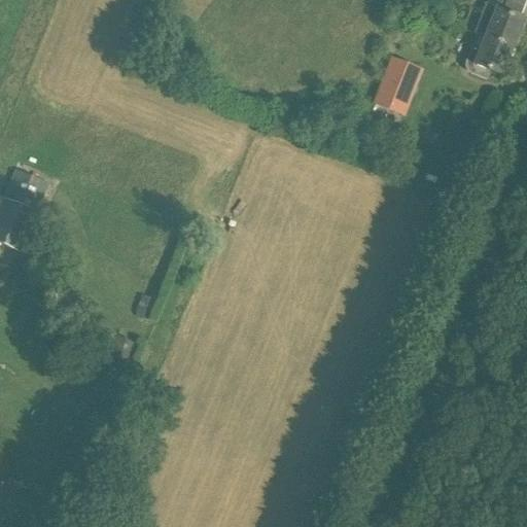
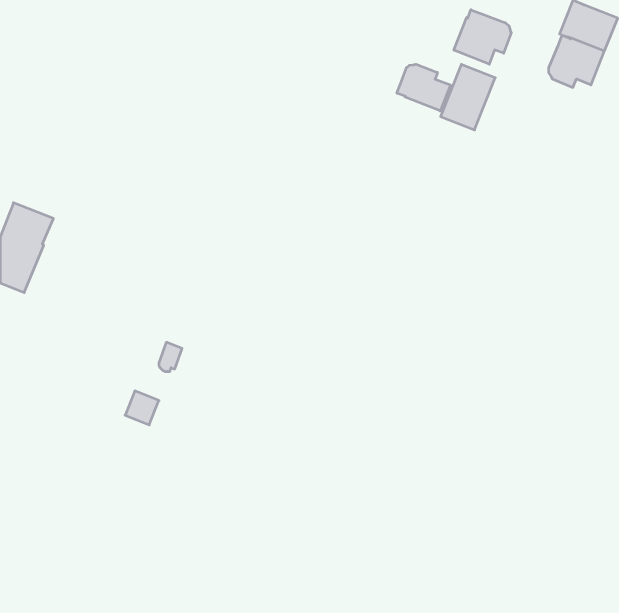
building: none -> [454,10,511,64]
building: none -> [397,64,450,111]

